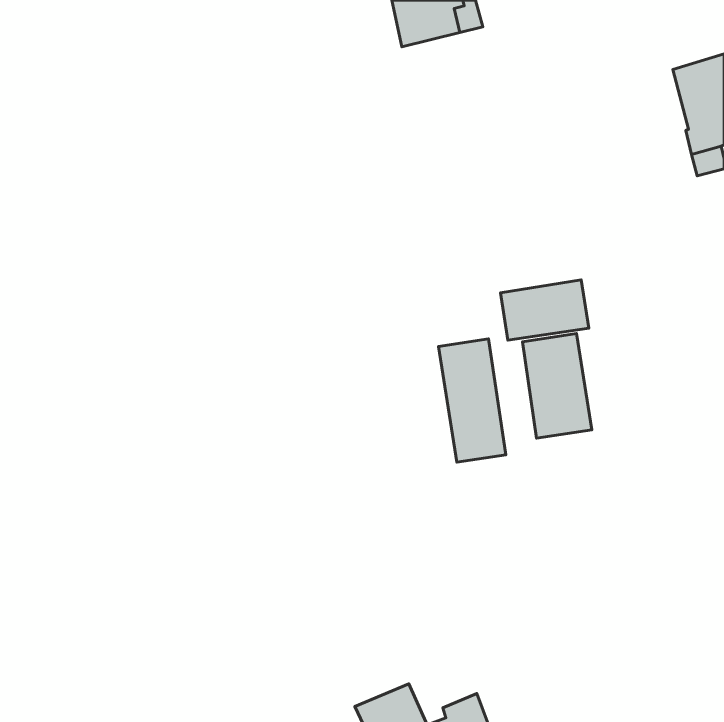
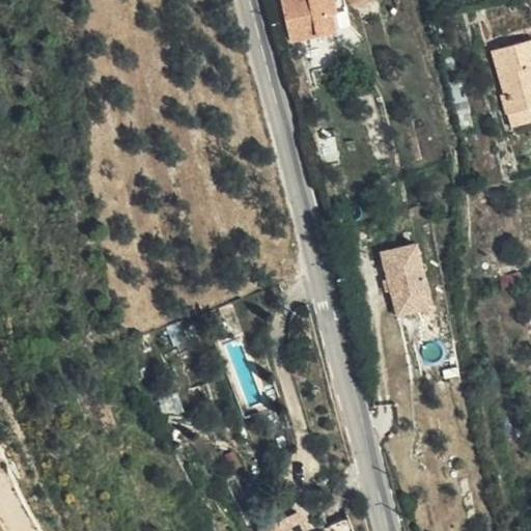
building: [501,280,589,340] -> none
building: [438,339,506,462] -> none

